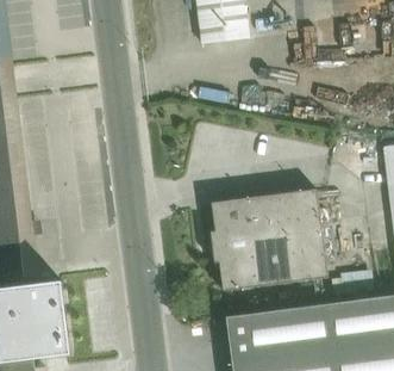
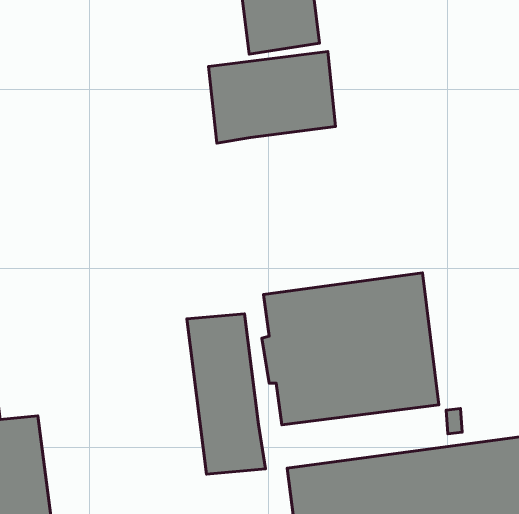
building: none -> [209,52,335,143]
building: none -> [187,314,265,474]

